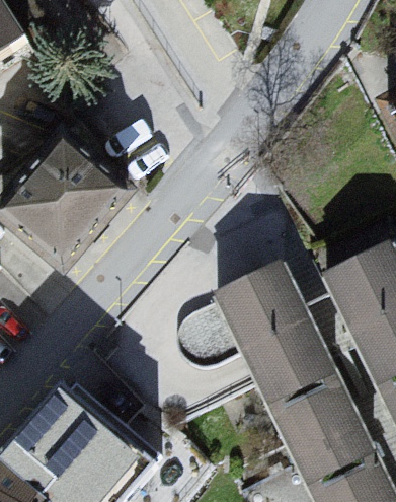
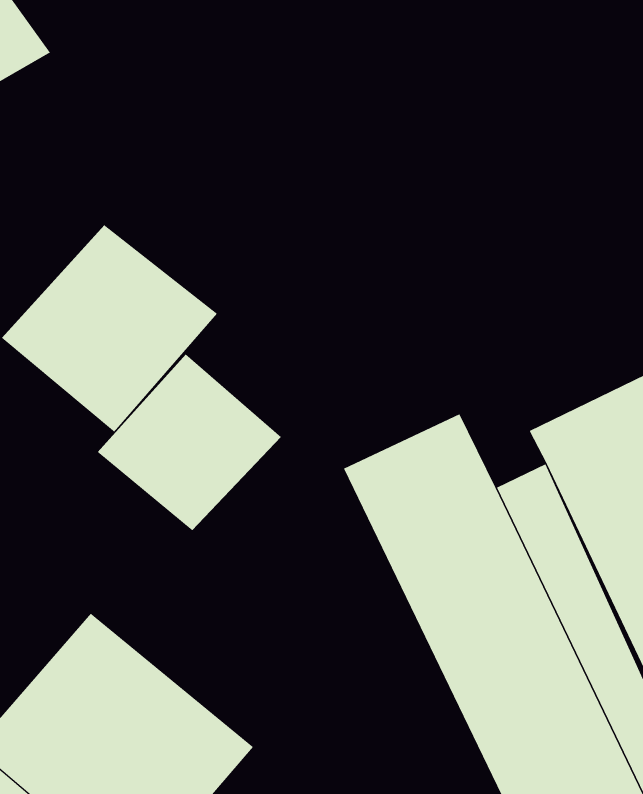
building: none -> [97,353,282,531]

